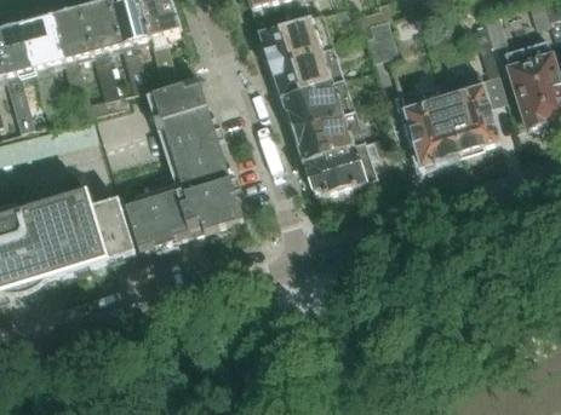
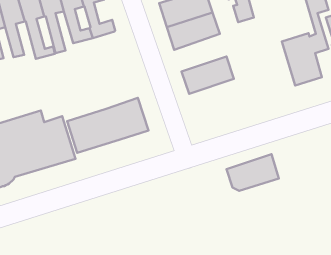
building: [150,76,227,185] -> none
building: [280,76,356,131] -> none
building: [397,87,457,165] -> none
building: [302,142,378,195] -> [227,154,279,191]

